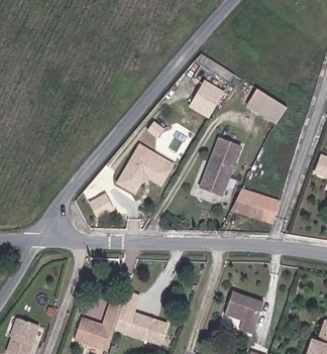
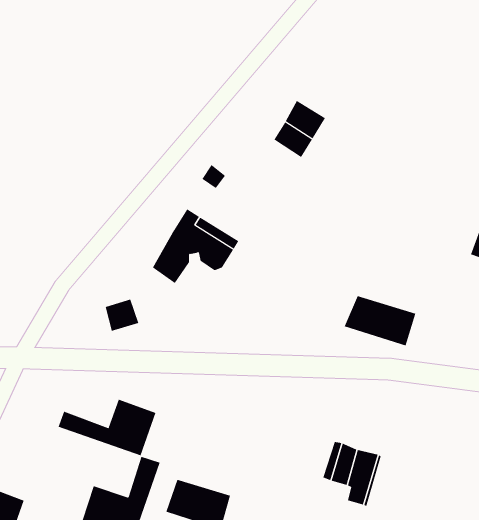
building: [245,85,288,121] -> none
building: [199,137,239,196] -> none
building: none -> [58,399,156,456]

